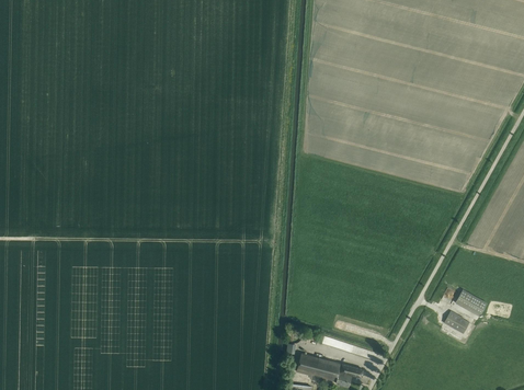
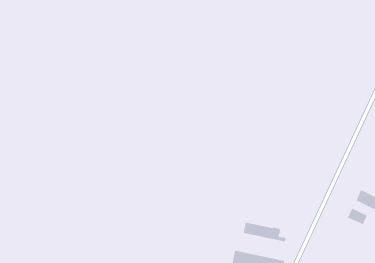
building: none -> [243,222,286,242]

